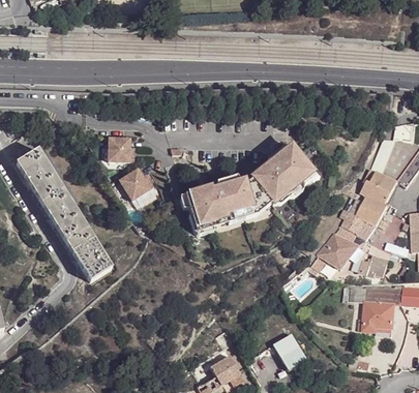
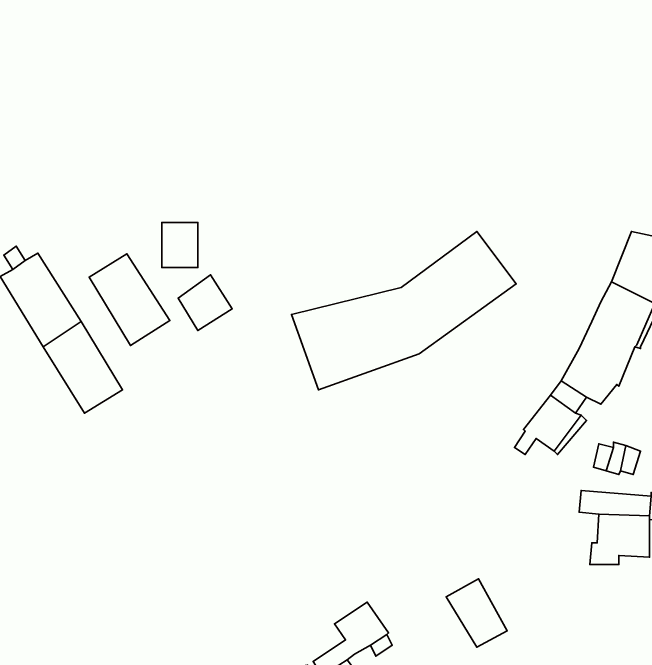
building: [67,231,114,283] -> [89,254,170,346]

